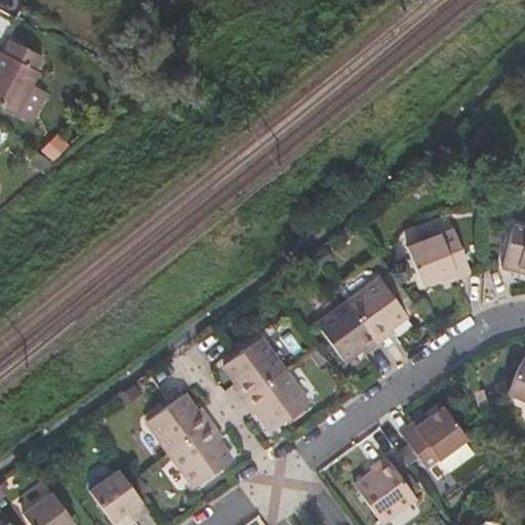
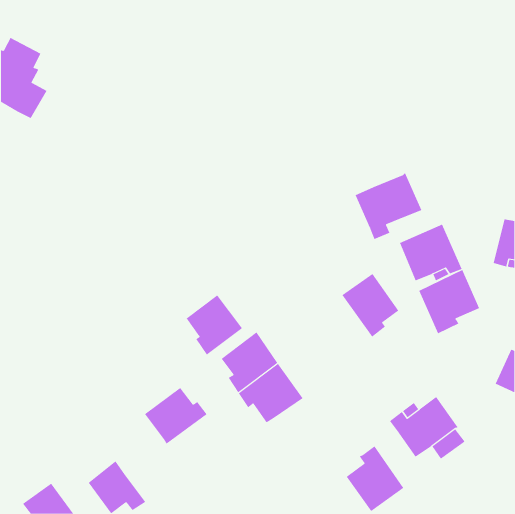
building: none -> [355,172,422,240]
building: none -> [419,269,480,334]
building: none -> [186,295,243,355]
building: [317,300,378,362] -> none
building: [169,421,233,488] -> none

